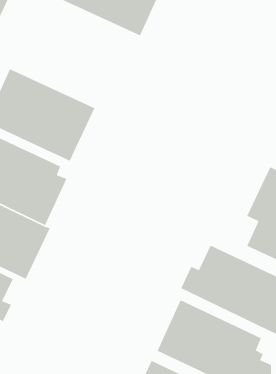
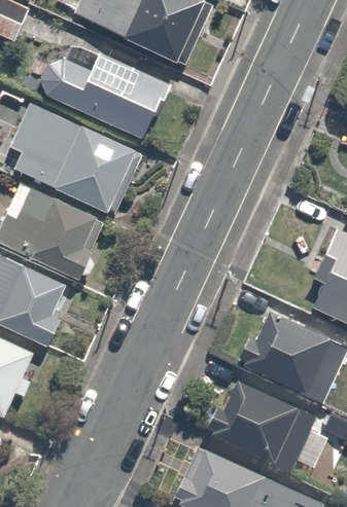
building: none -> [39,48,171,142]

